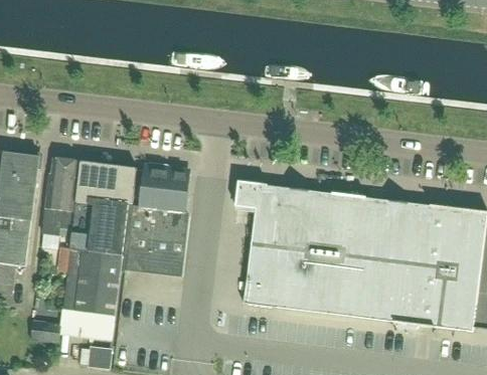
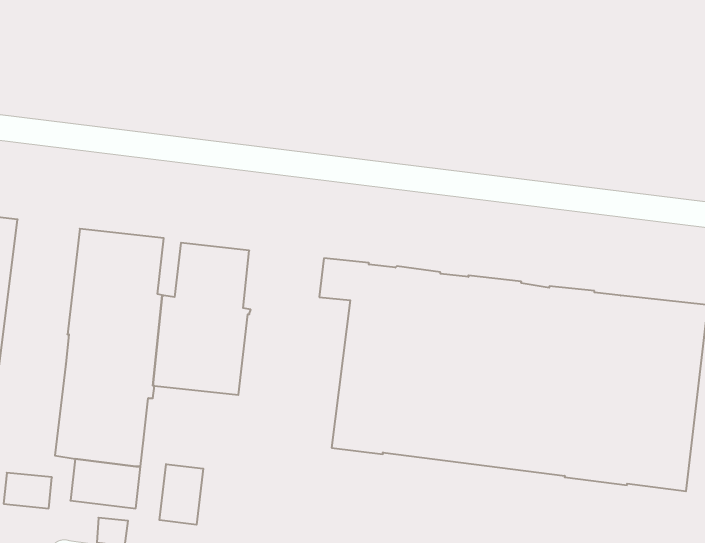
building: [42,158,79,235] -> none
building: none -> [159,464,203,525]

